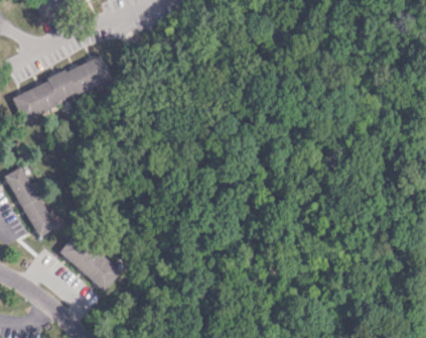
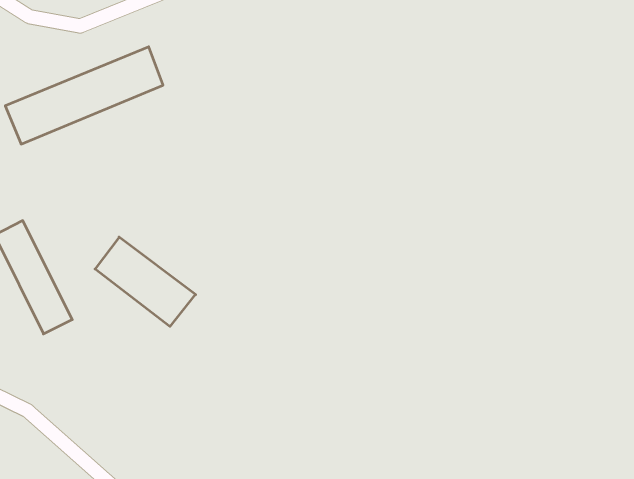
building: [58,234,122,291] -> [95,237,196,326]

